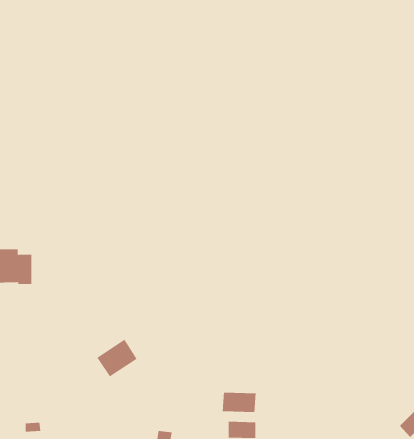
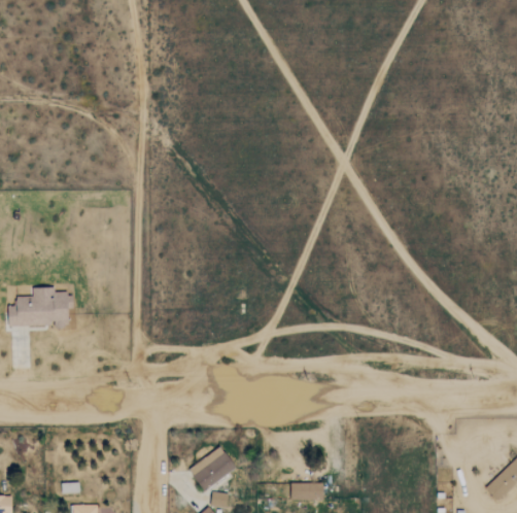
building: [97,339,138,377] -> [189,447,236,490]
building: [222,392,256,413] -> none

